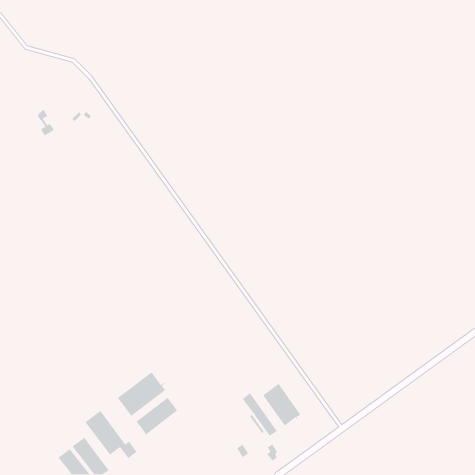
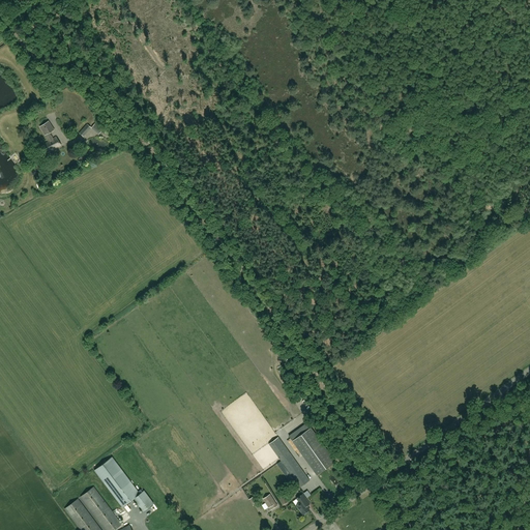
building: [117,371,166,417] -> none
building: [135,397,178,435] -> none

